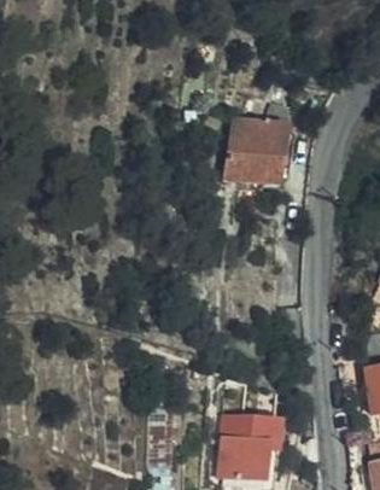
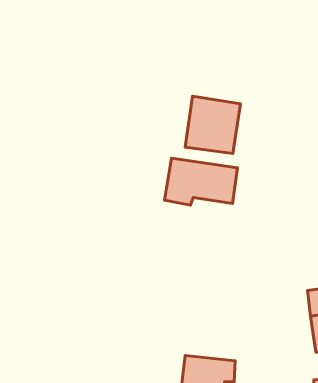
building: none -> [165,158,237,205]

